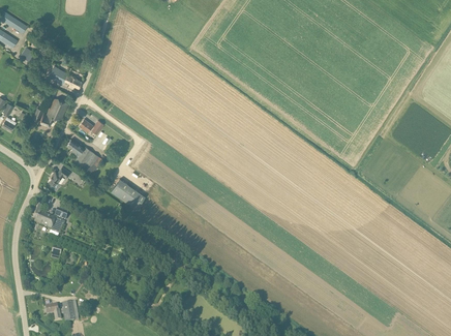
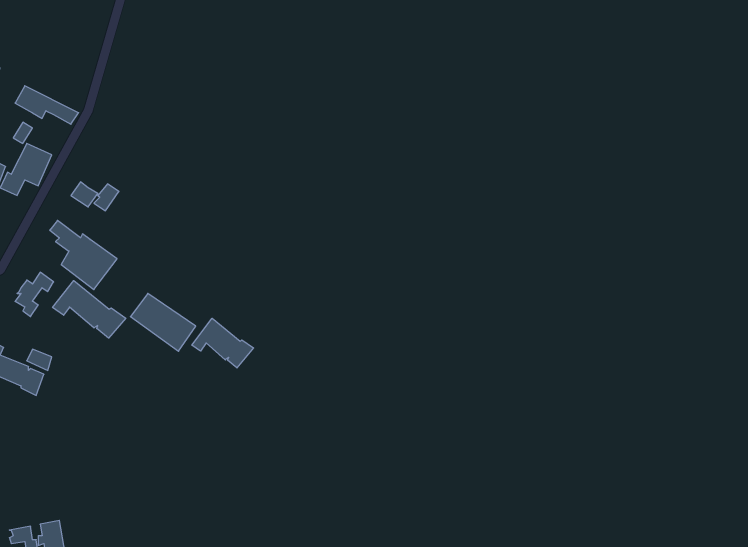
building: none -> [53,281,126,338]
building: none -> [192,318,254,368]

